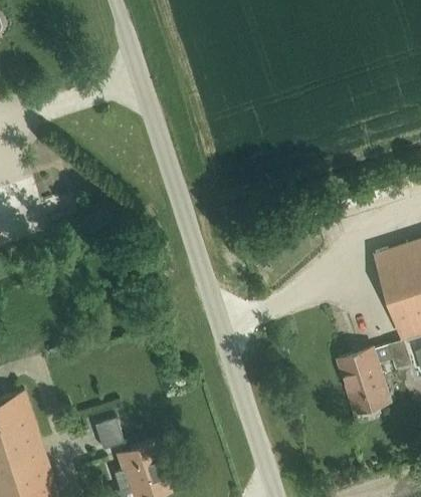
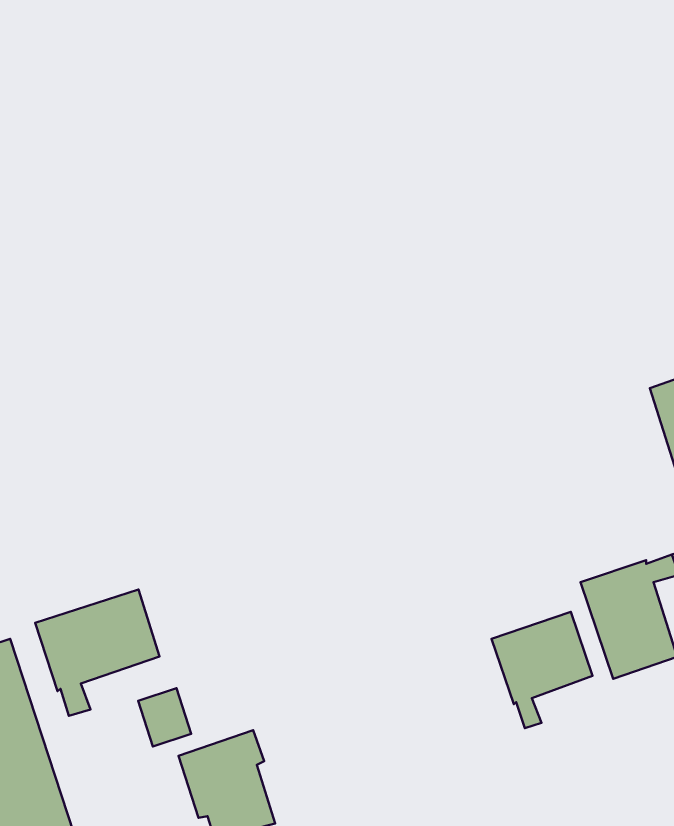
building: none -> [35,590,160,716]
building: none -> [491,612,592,728]

